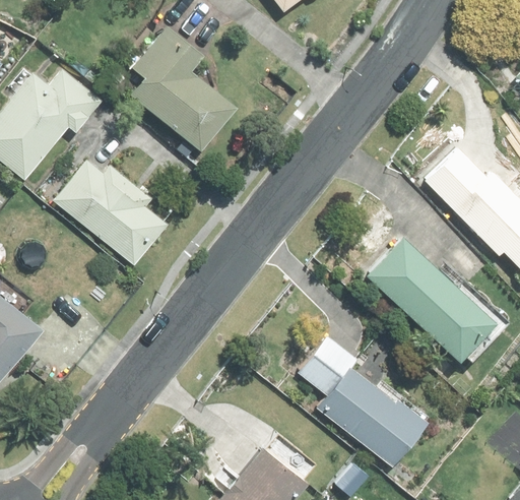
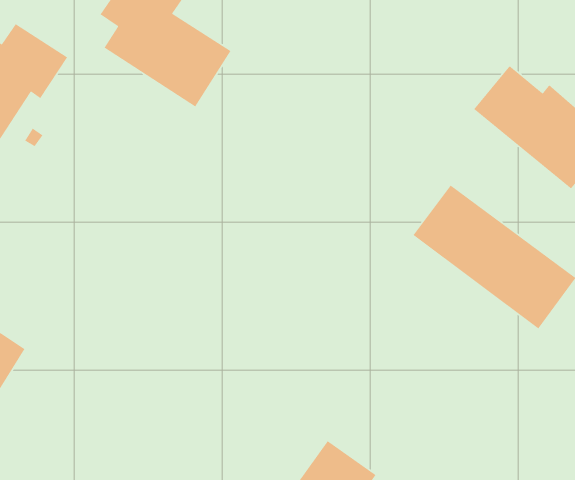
building: [55,159,168,263] -> none
building: [302,336,427,466] -> none

